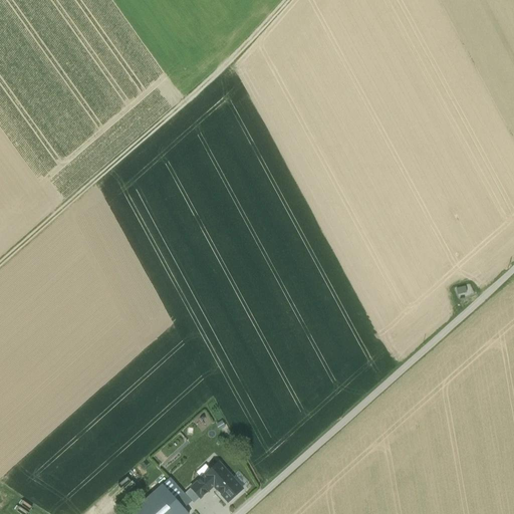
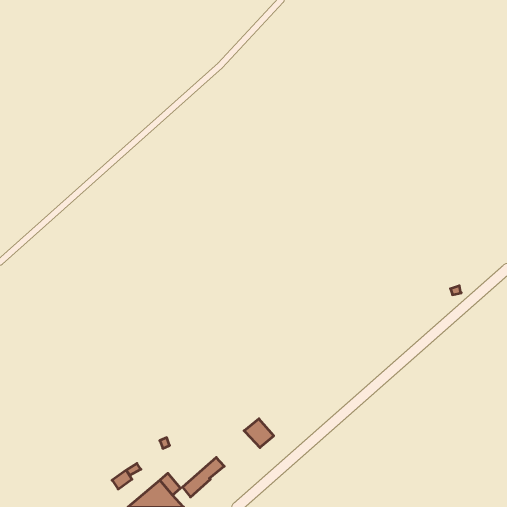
building: [212,472,242,501] -> [244,419,274,448]

